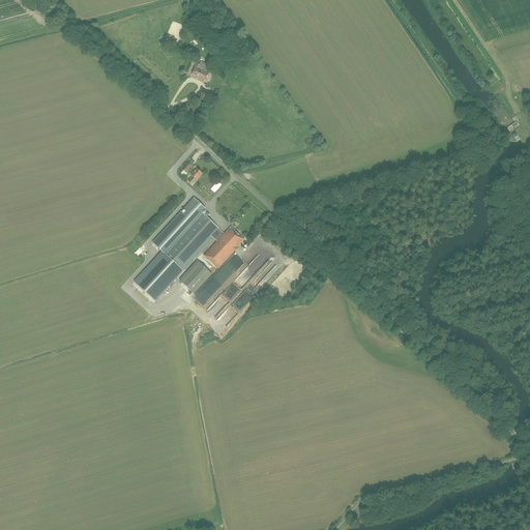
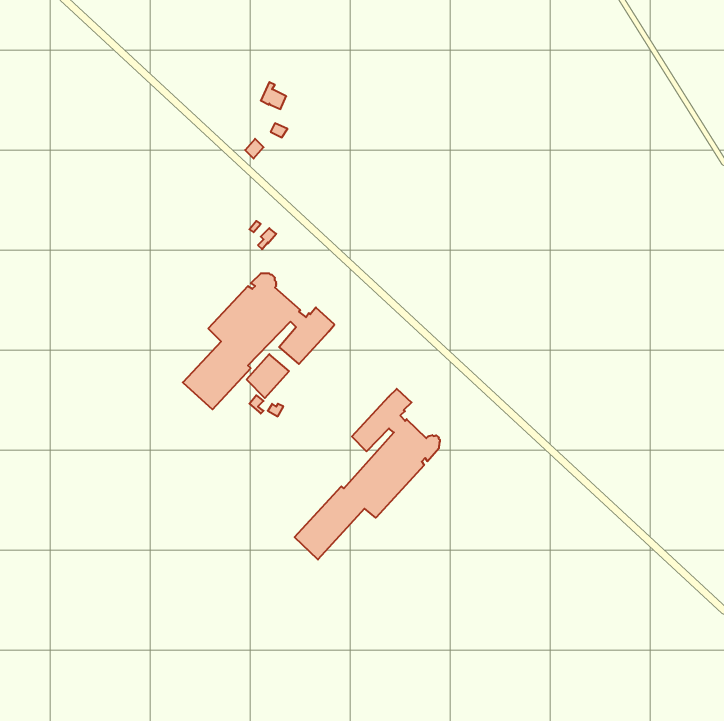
building: none -> [295,389,440,560]

